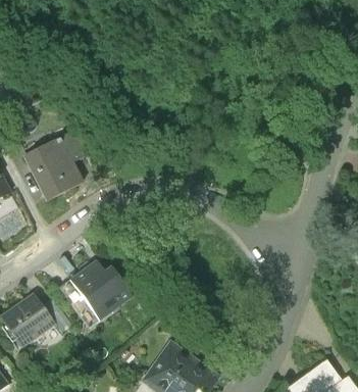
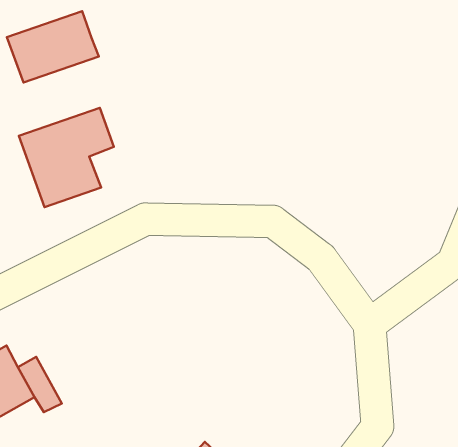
building: none -> [7,11,99,83]
building: [67,257,135,322] -> none

